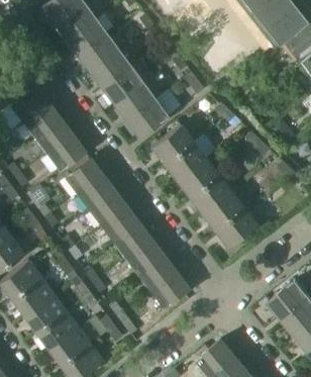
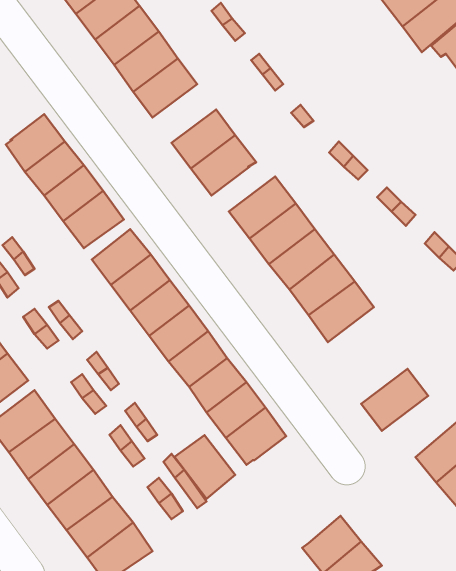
building: [103,66,143,103] -> none
building: [214,207,256,247] -> [361,369,428,431]
building: none -> [175,435,235,499]

